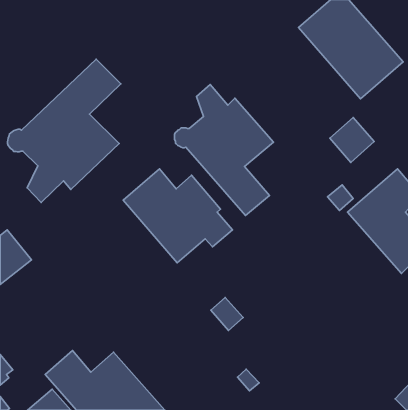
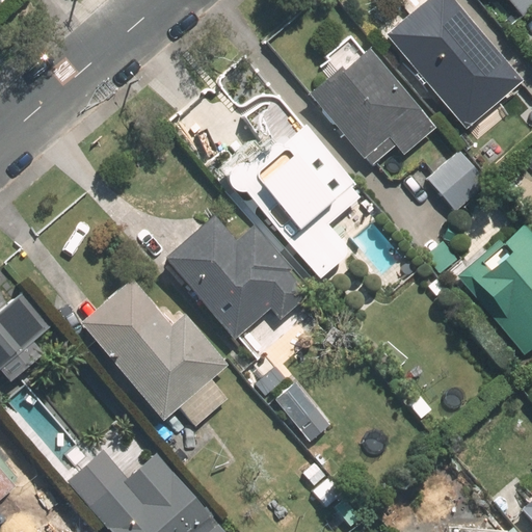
building: none -> [312,50,438,164]
building: [7,59,121,202] -> none
building: none -> [83,282,229,426]

